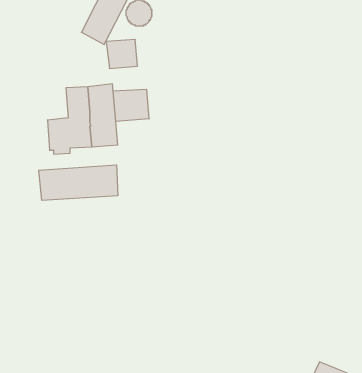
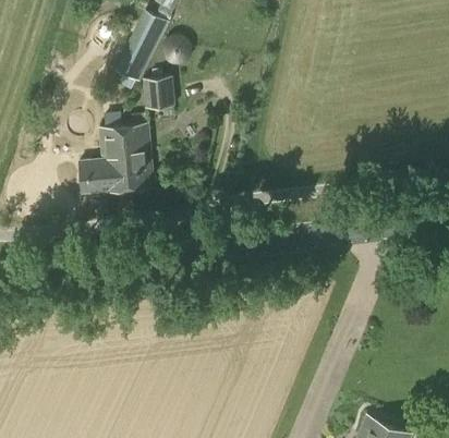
building: [113,89,149,122] -> none
building: [39,165,118,200] -> none

